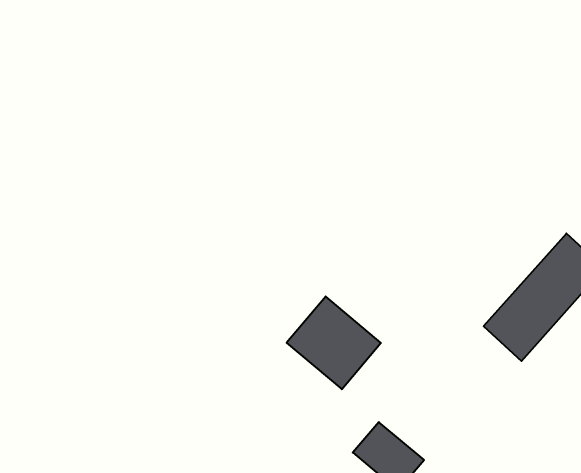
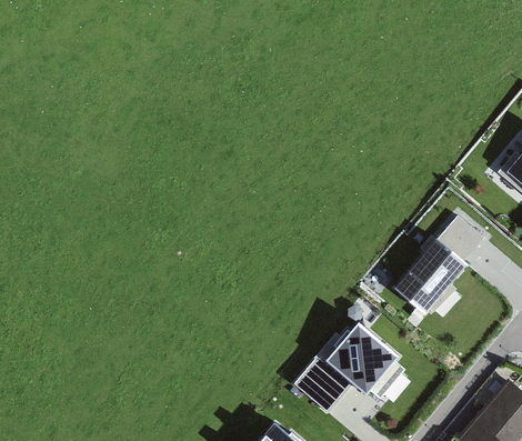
building: [287,296,381,389] -> [325,323,398,394]

